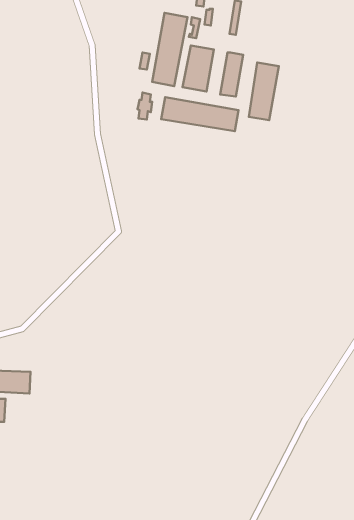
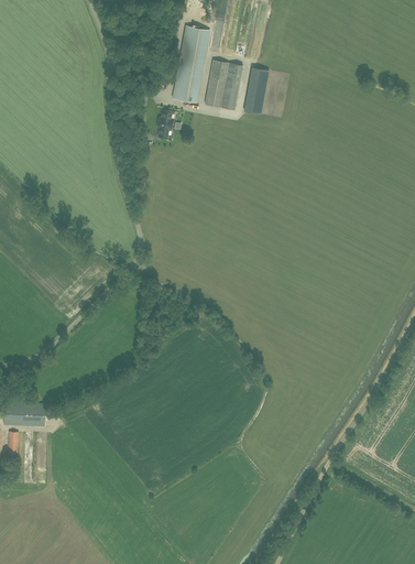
building: [249,62,279,120] -> none
building: [161,97,238,131] -> none

